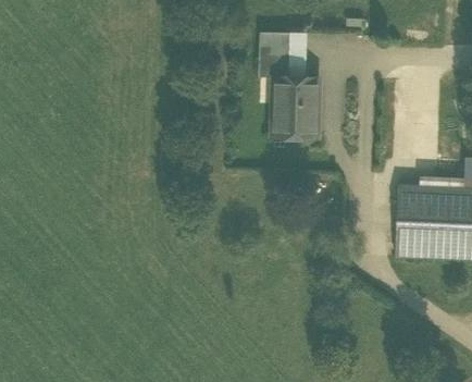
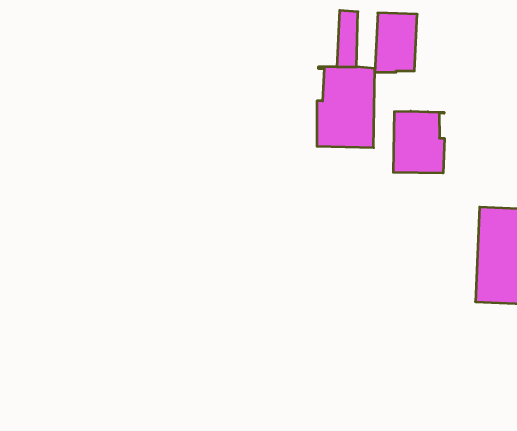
building: [259,32,291,77] -> [375,13,417,72]
building: none -> [393,111,444,173]

